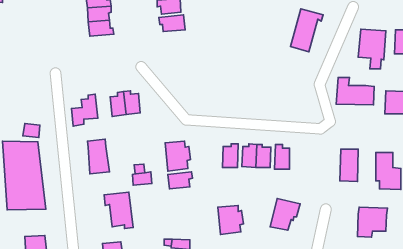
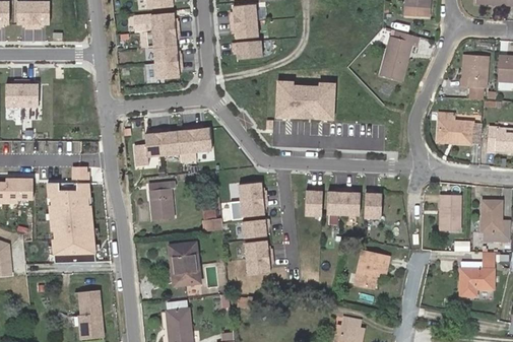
building: none -> [150,61,178,80]
building: none -> [273,80,334,119]
building: none -> [156,129,176,157]
building: [218,205,243,234] -> [243,242,272,275]

